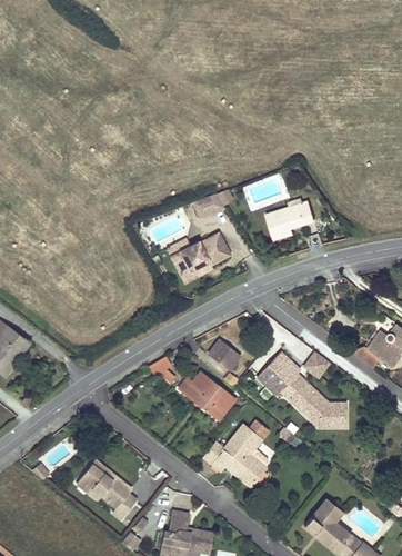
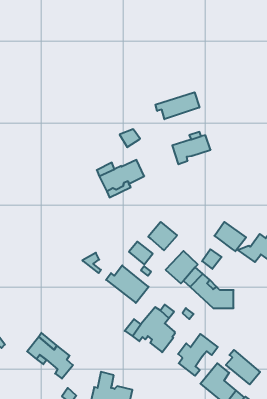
building: none -> [155,92,199,119]
building: none -> [148,222,177,250]
building: none -> [214,222,246,251]
building: none -> [178,334,218,376]
building: none -> [226,350,260,384]

